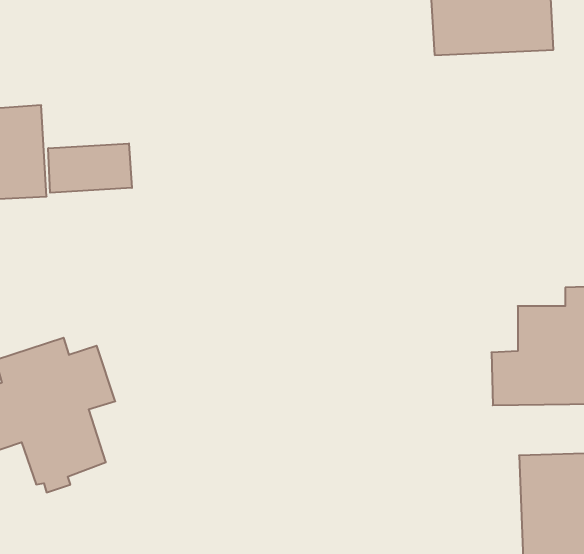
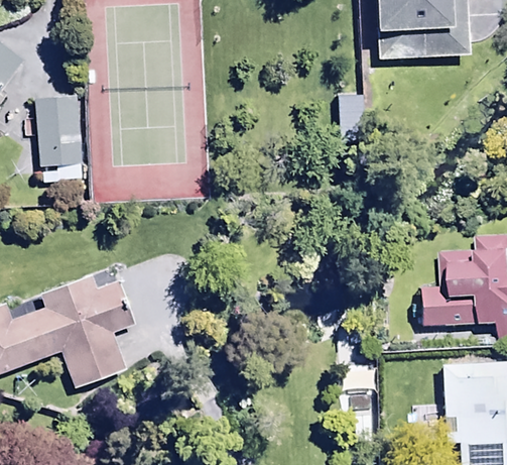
building: [48,143,132,193] -> none

